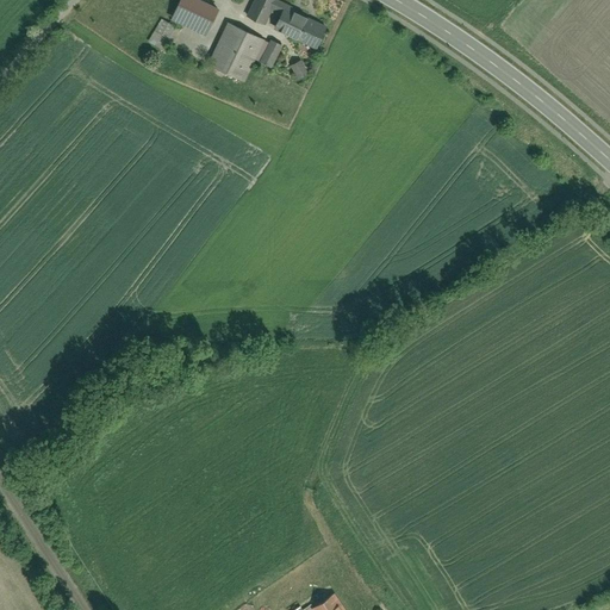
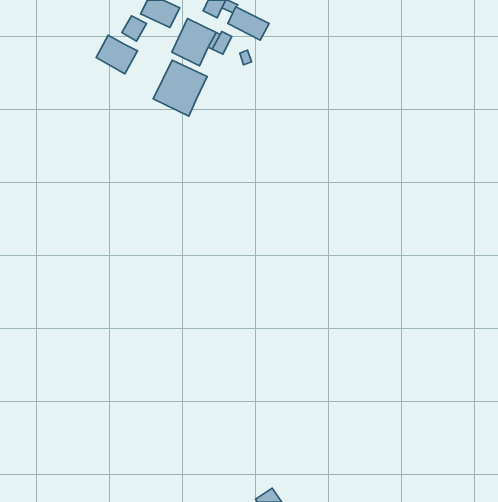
building: none -> [96,35,137,74]
building: none -> [153,60,207,116]

